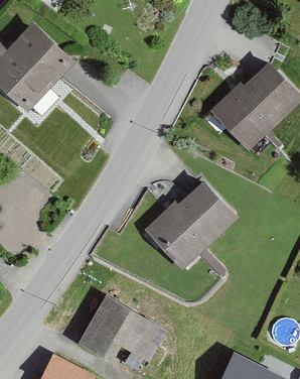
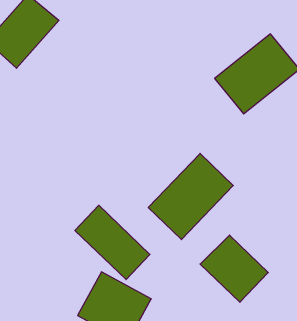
building: none -> [75,205,150,280]
building: none -> [200,235,268,302]

